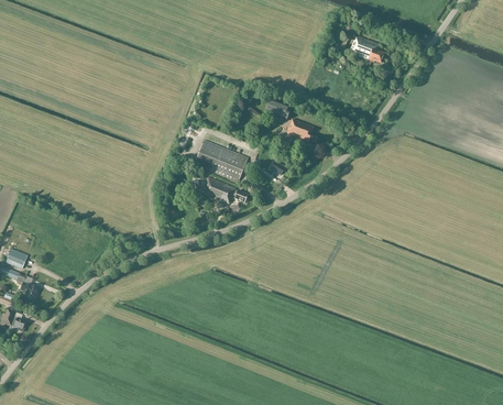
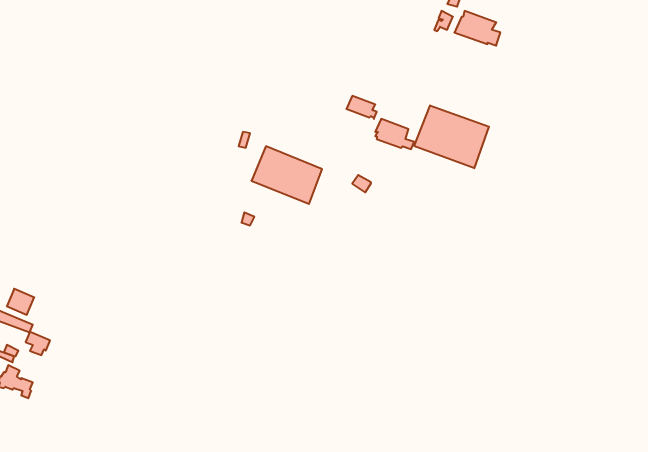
building: none -> [414,105,489,168]
building: [203,177,249,205] -> none

